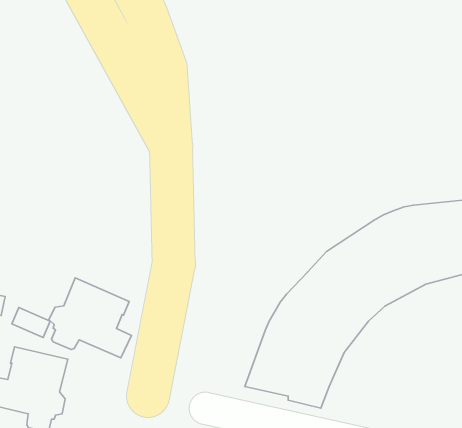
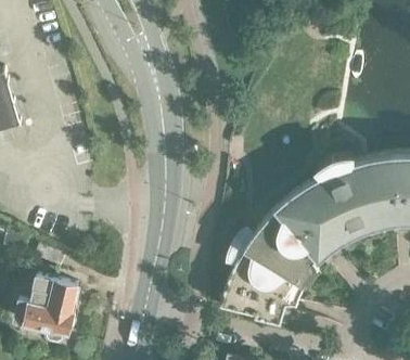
building: [49,278,131,358] -> none

